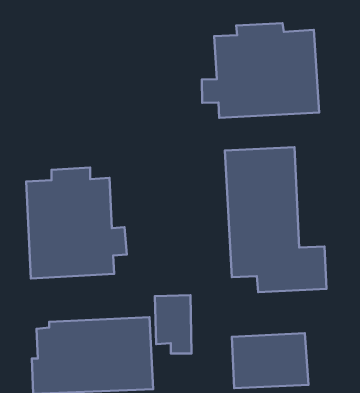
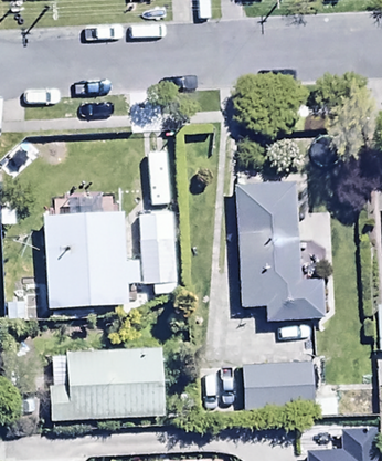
building: [202,23,319,118] -> none
building: [155,295,191,353] -> [141,237,177,293]

